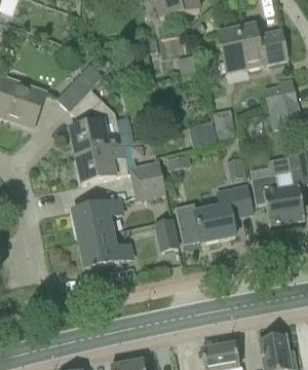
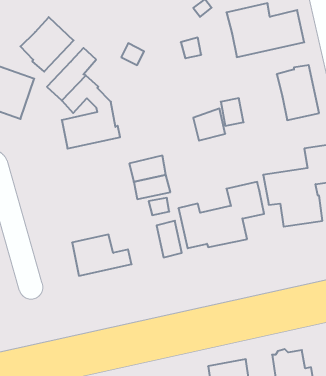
building: none -> [20,17,74,72]
building: [75,143,127,183] -> none
building: [73,198,122,237] -> none

